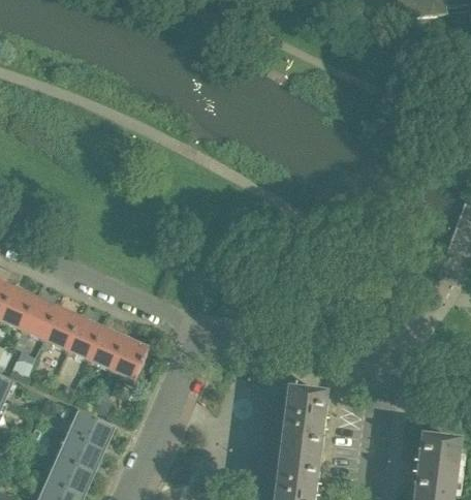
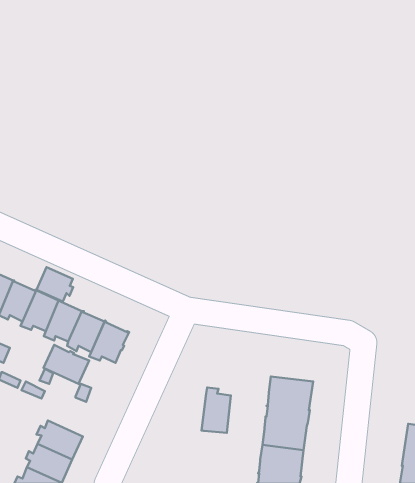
building: none -> [36,267,73,302]
building: none -> [202,387,231,433]
building: [68,410,113,448] -> [44,345,89,384]

